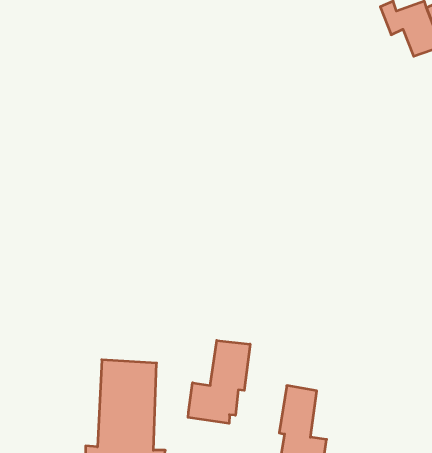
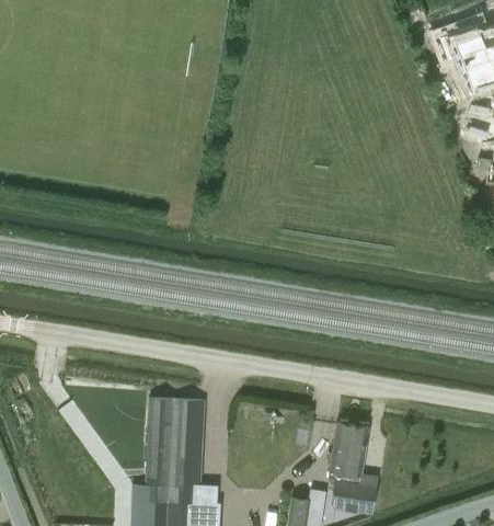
building: [188,340,250,423] -> none

